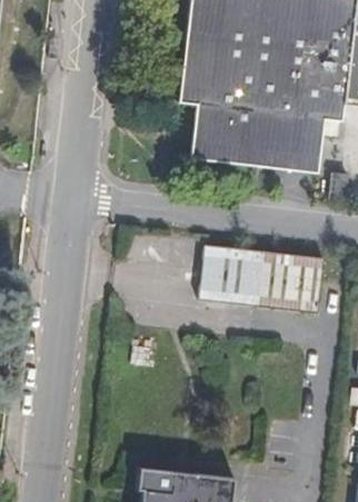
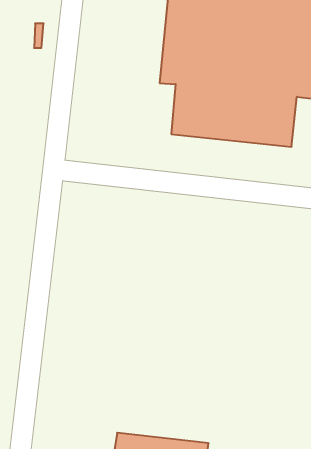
building: [197,246,320,312] -> none

